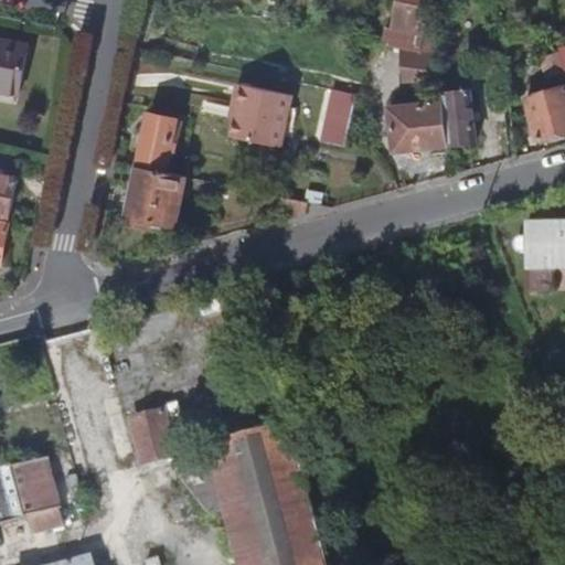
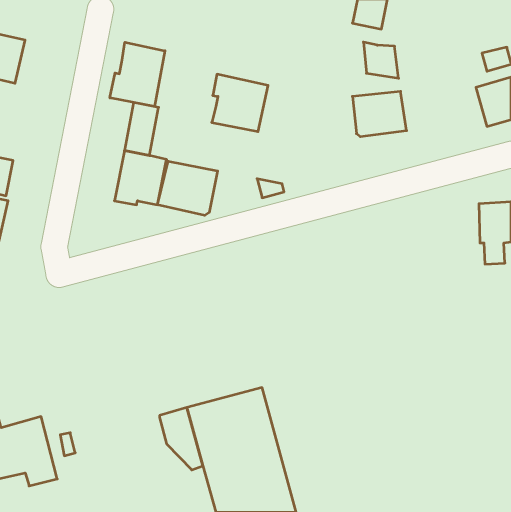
building: none -> [110,42,165,106]
building: [320,88,354,146] -> none
building: [439,89,472,143] -> none
building: none -> [158,161,218,215]
building: [130,412,175,468] -> none

